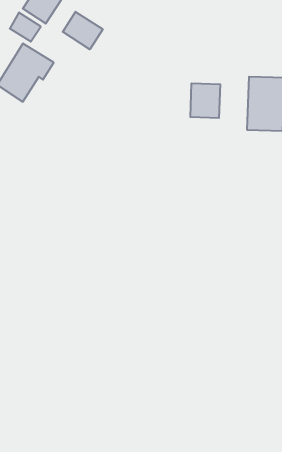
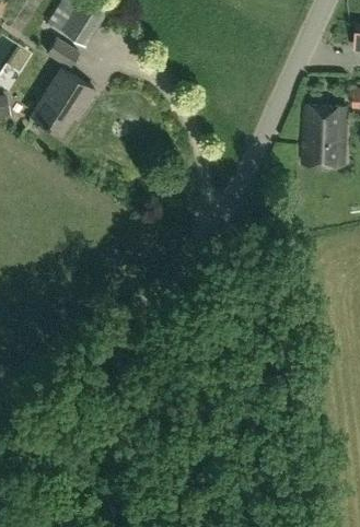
building: [63,12,103,49] -> none
building: [190,83,220,118] -> none

